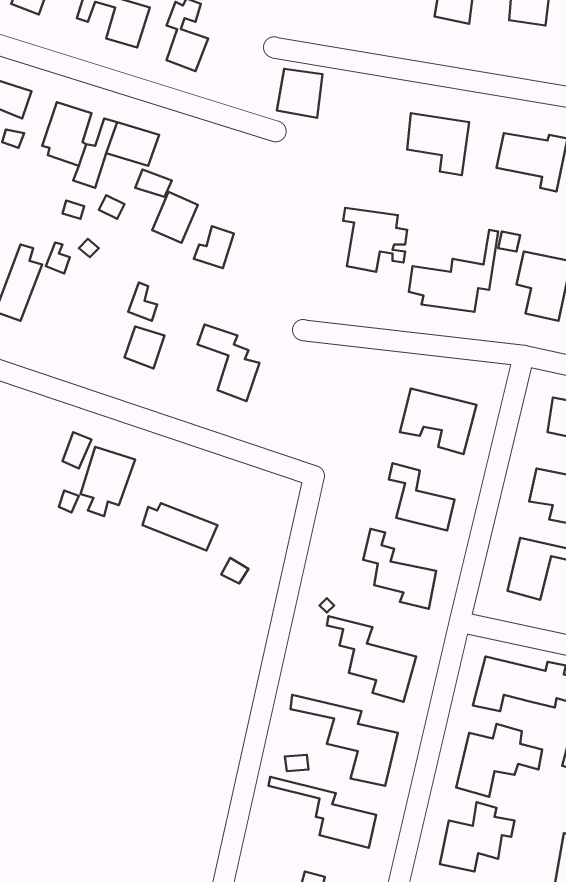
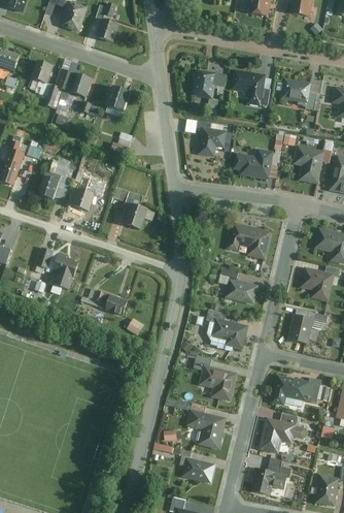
building: [277,69,323,118] -> [193,69,218,97]
building: [152,192,198,243] -> [107,85,133,114]
building: none -> [37,158,61,198]

